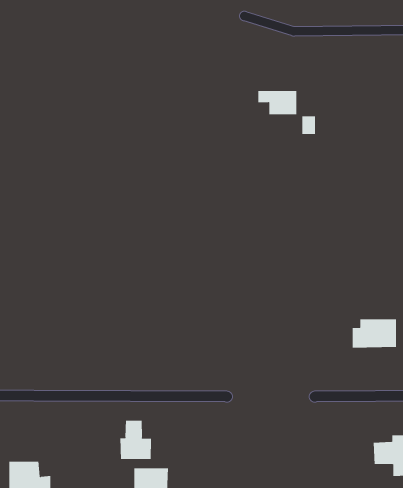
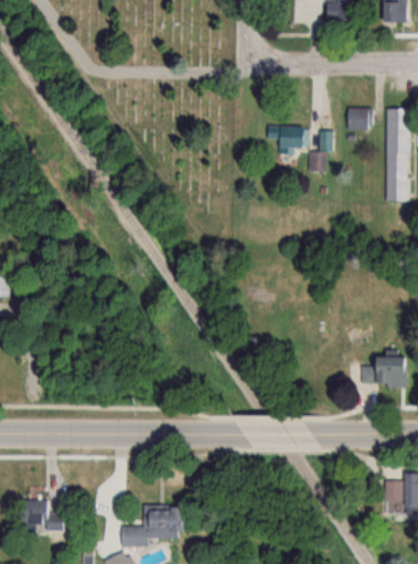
building: none -> [347,108,371,130]
building: none -> [387,108,409,201]
building: [120,420,152,460] -> none

